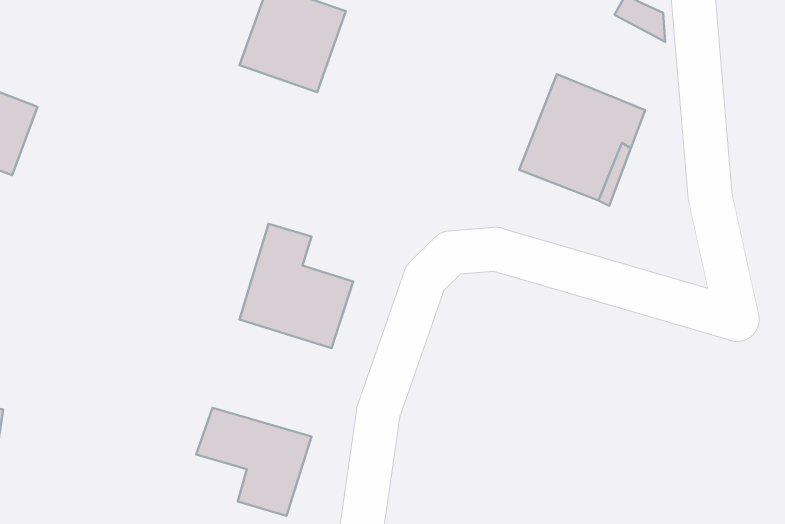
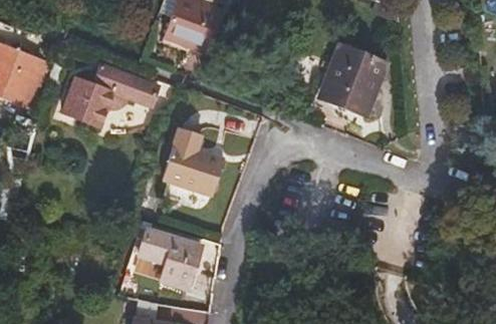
building: none -> [59,63,160,128]

